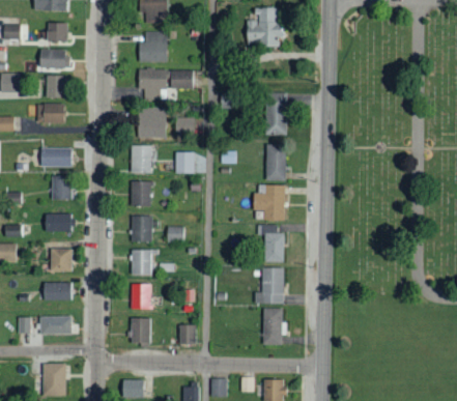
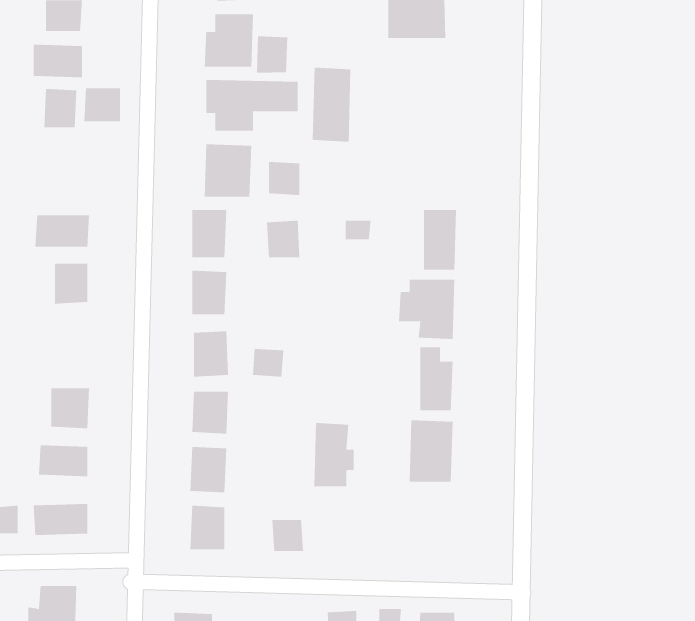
building: none -> [256,35,288,73]
building: [264,92,287,136] -> [312,67,351,142]
building: [41,104,63,123] -> [83,88,121,122]
building: [45,213,72,232] -> none
building: [262,308,286,345] -> [313,423,354,487]

